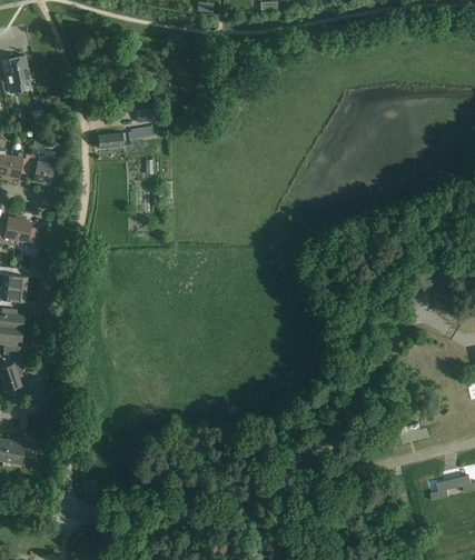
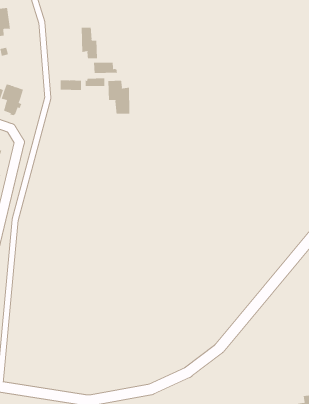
building: none -> [81,27,98,59]
building: none -> [108,80,130,115]

